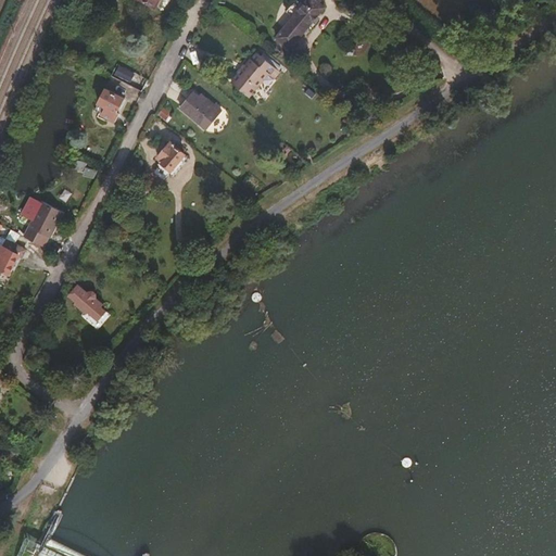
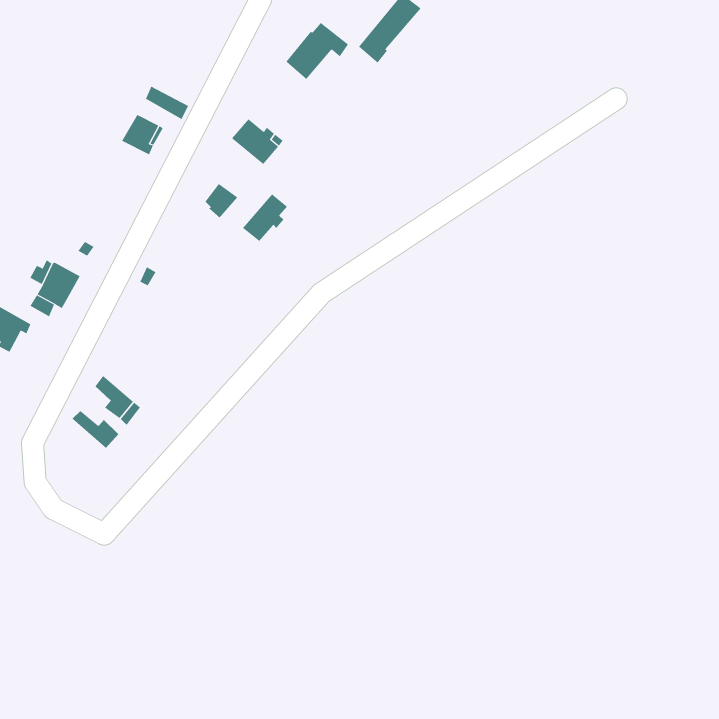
building: [230,51,279,96] -> [285,22,349,80]
building: none -> [242,194,288,242]
building: none -> [72,410,119,449]

